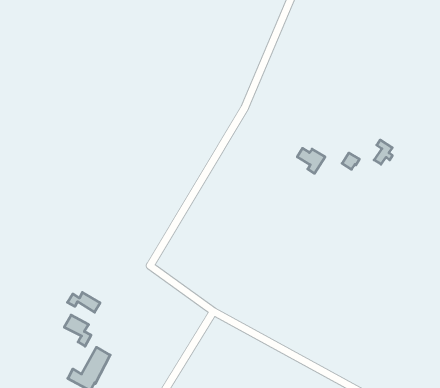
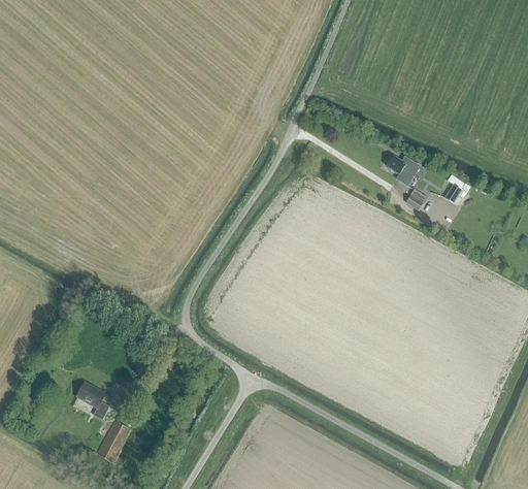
building: [297,148,325,173] -> [387,155,420,185]
building: [67,292,100,312] -> none

